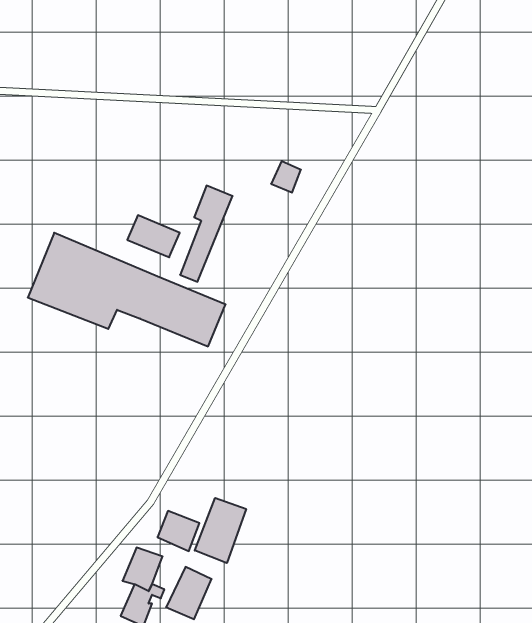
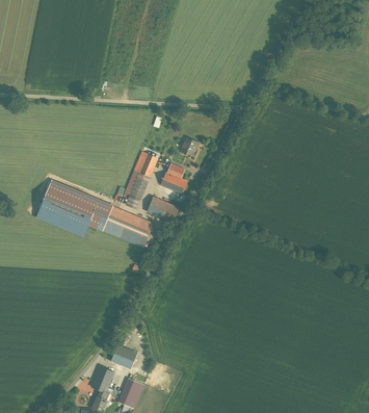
building: none -> [160,162,187,192]
building: [127,215,180,257] -> [147,197,178,222]
building: [195,498,246,563] -> none

